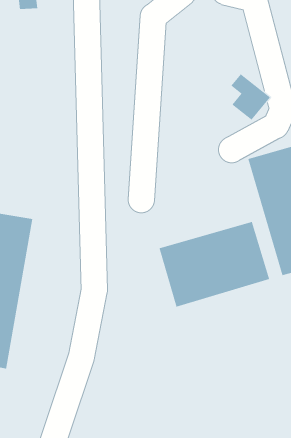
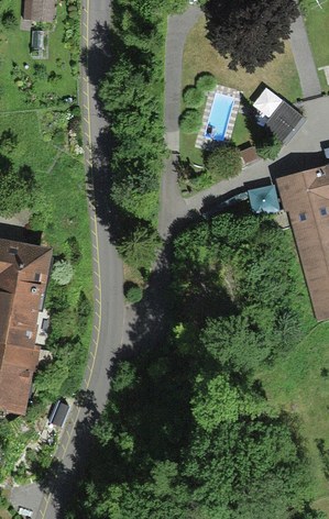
building: [159,221,270,308] -> none

